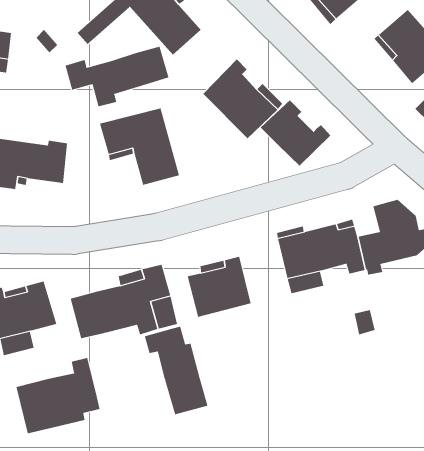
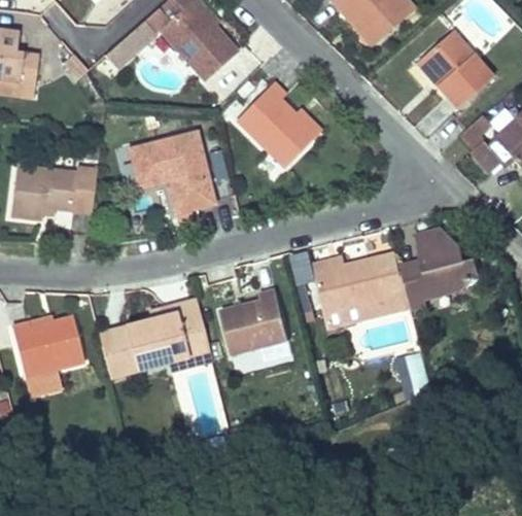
building: [65,46,169,107] -> none
building: [260,99,331,167] -> none
building: [144,326,208,415] -> none
building: [16,357,100,434] -> none

